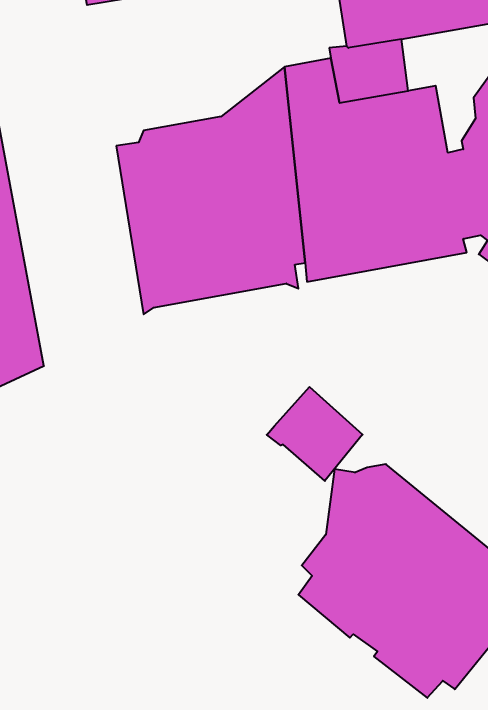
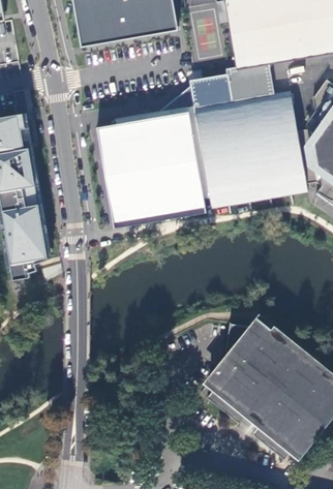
building: [267,387,363,481] -> none

